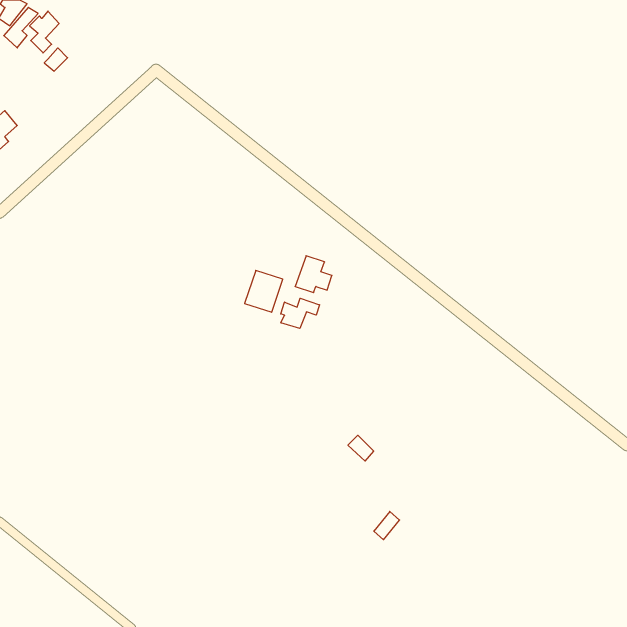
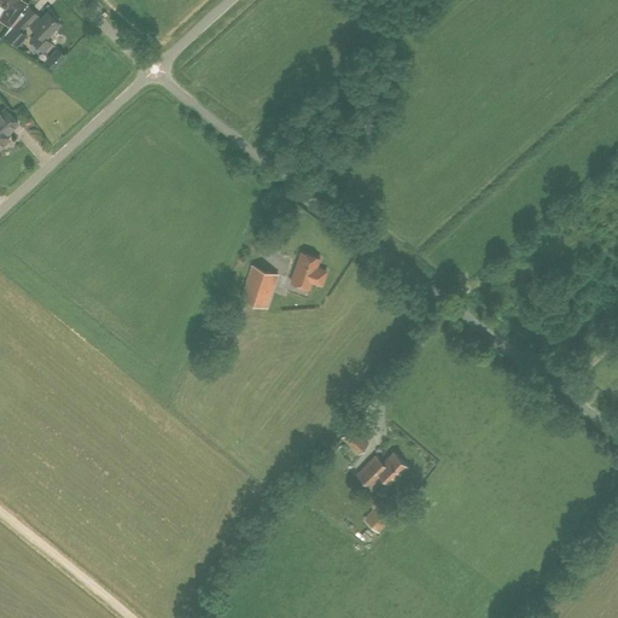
building: [281,298,320,328] -> none
building: none -> [357,454,406,486]

